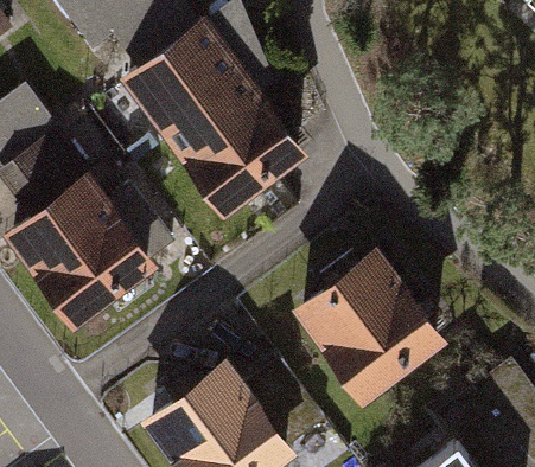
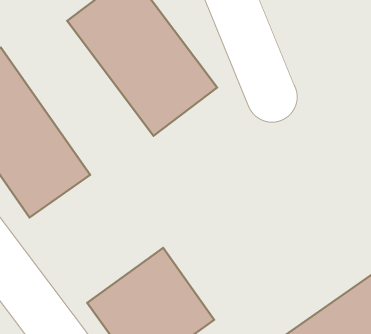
building: [287,245,451,411] -> none

